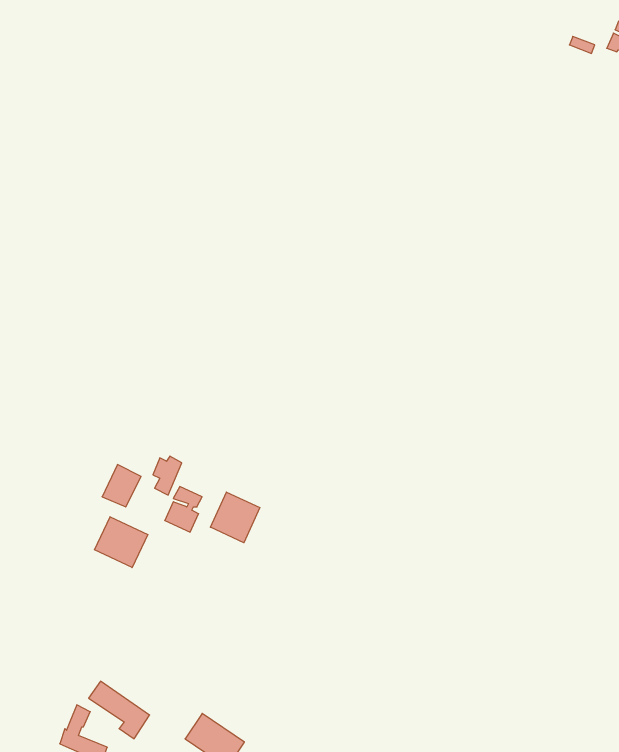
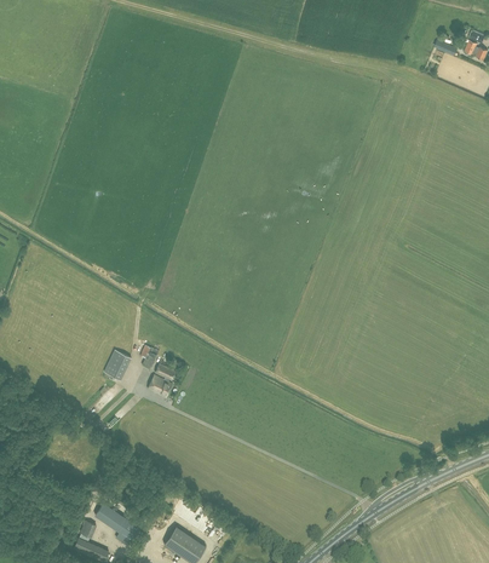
building: [210,492,260,543] -> none
building: [94,517,148,568] -> none

